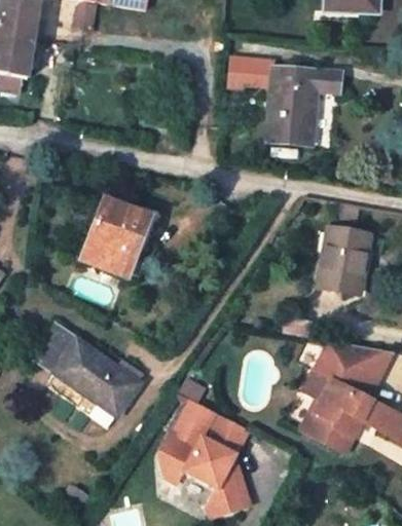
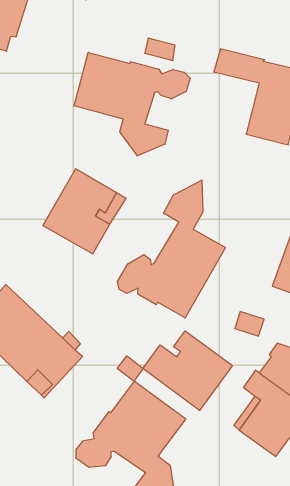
building: none -> [74,52,190,156]
building: none -> [118,180,225,318]
building: none -> [143,331,233,411]

